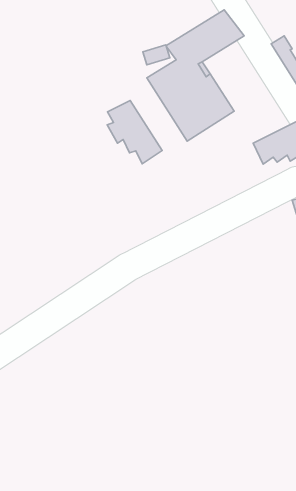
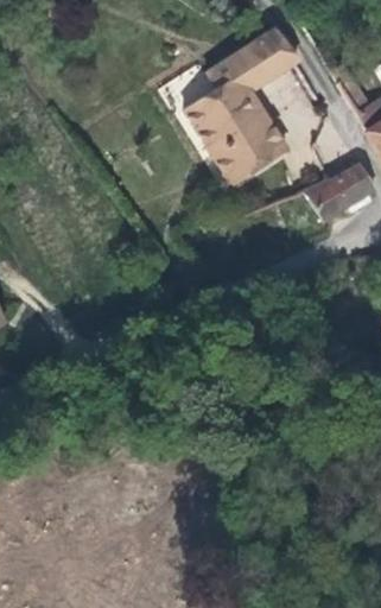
building: [107,101,162,164] -> none

